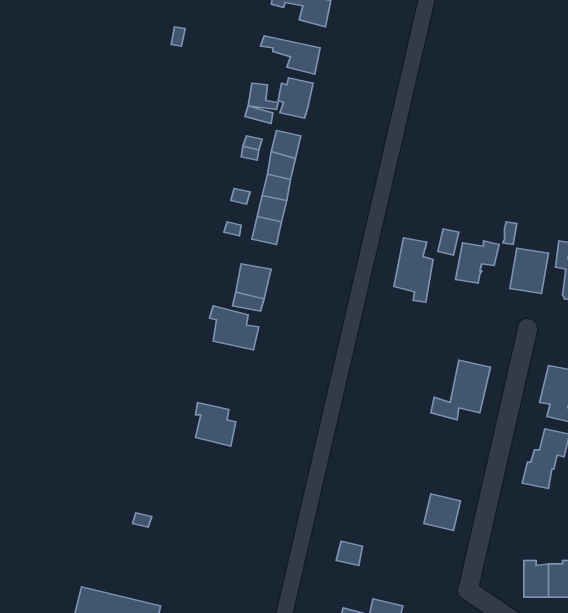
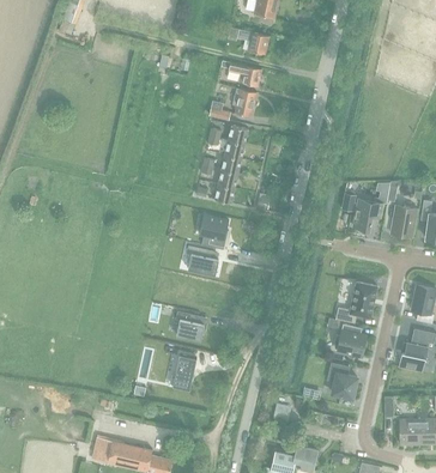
building: [394,238,433,302] -> none
building: none -> [334,323,367,357]
building: none -> [172,353,196,389]

